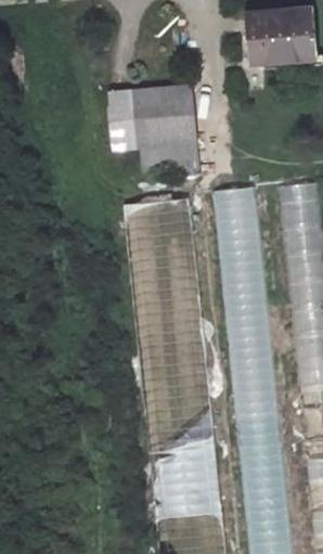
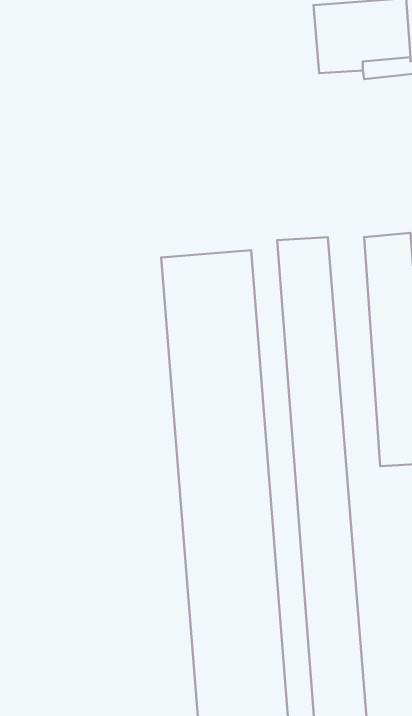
building: [107,83,196,171] -> none

